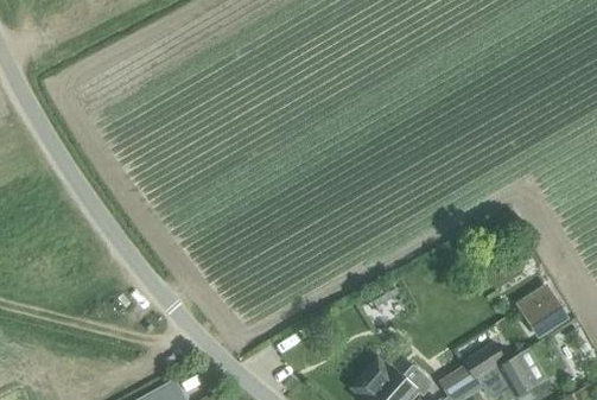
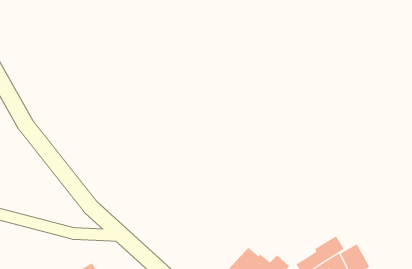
building: [522,291,570,337] -> none

